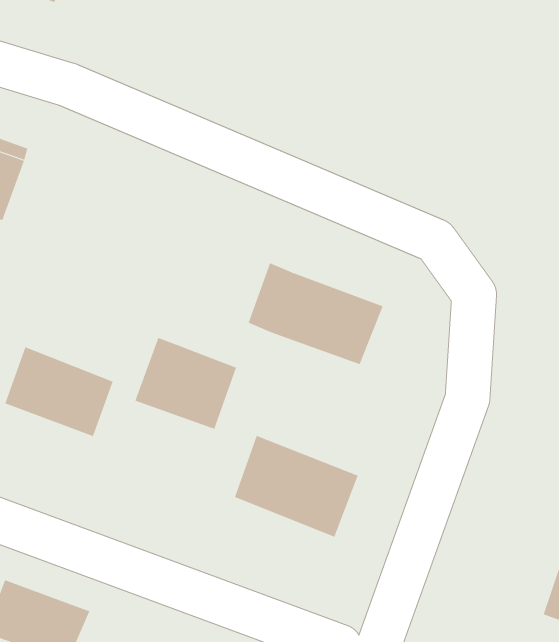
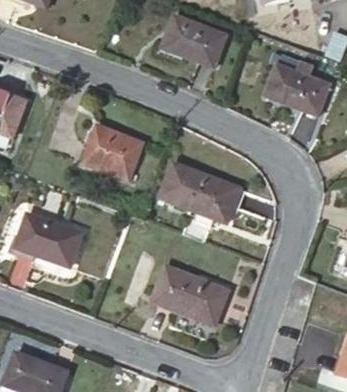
building: none -> [162,17,225,67]
building: none -> [265,64,330,115]
building: [134,337,237,429] -> [82,125,143,180]

